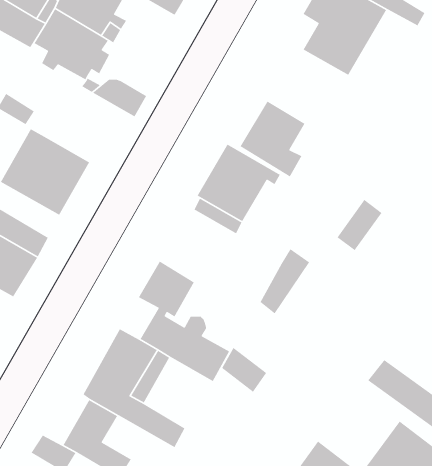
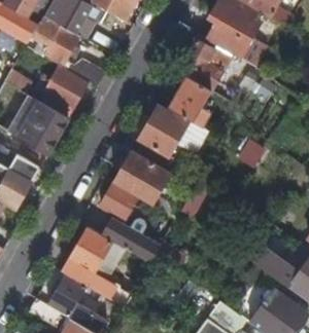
building: none -> [178,39,234,89]
building: none -> [39,66,87,115]
building: none -> [114,150,170,203]

